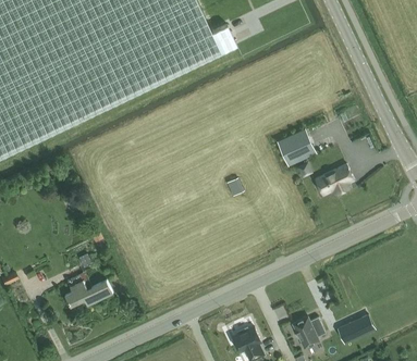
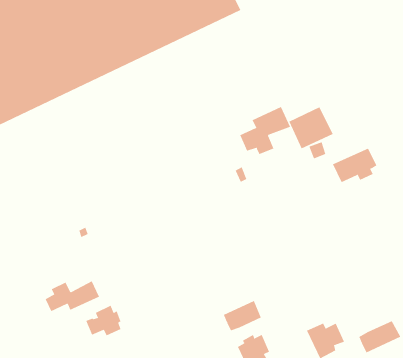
building: none -> [240,106,291,155]
building: none -> [223,300,261,331]
building: none -> [85,305,121,336]

